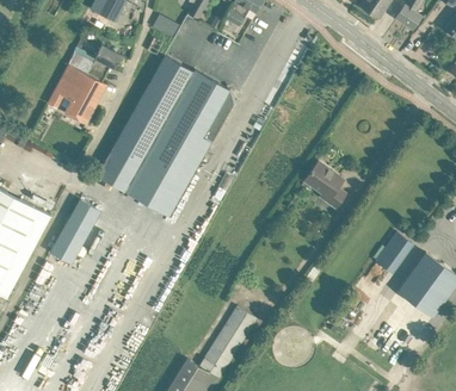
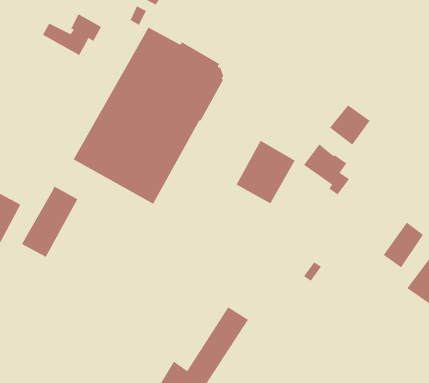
building: [48,63,106,123] -> none
building: none -> [329,104,371,145]
building: none -> [236,140,296,204]

